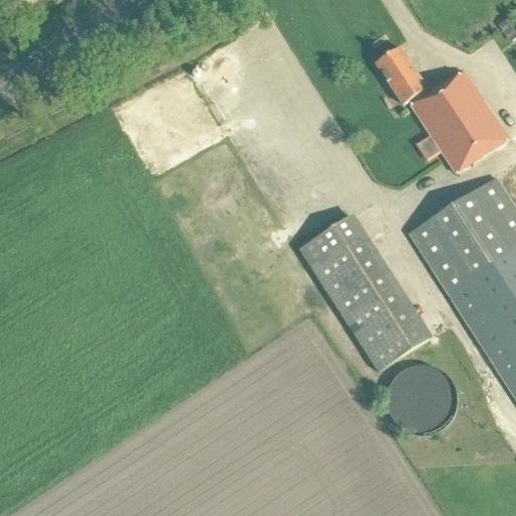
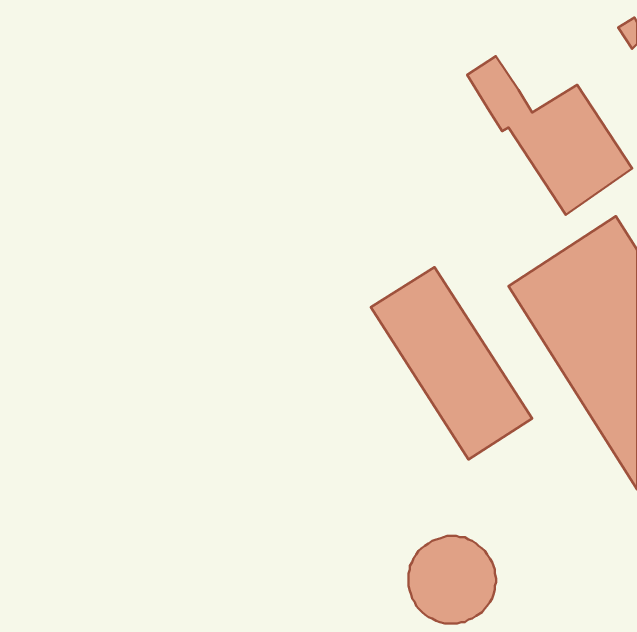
building: [386,365,457,435] -> [409,536,496,623]

